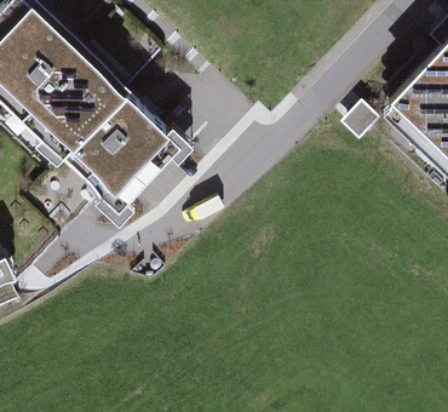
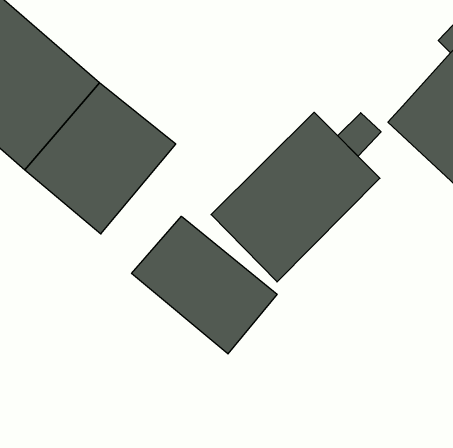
building: none -> [211,112,380,282]
building: none -> [132,216,277,354]

